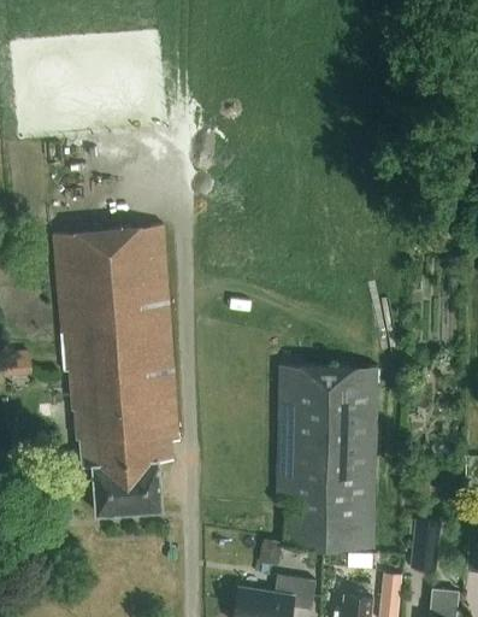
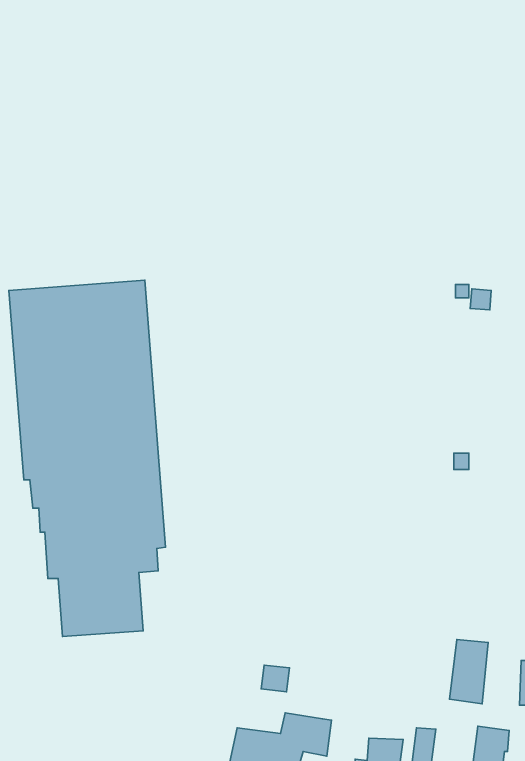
building: [277,366,377,550] -> none

